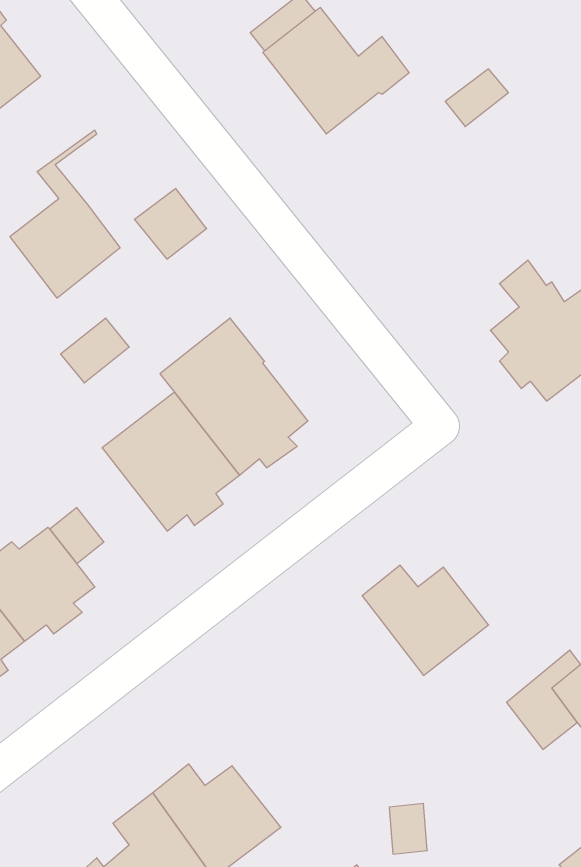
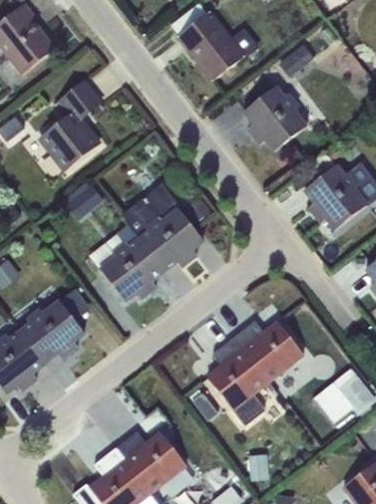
building: none -> [243,86,308,152]
building: [134,189,207,259] -> [62,81,102,120]
building: none -> [207,338,269,427]

